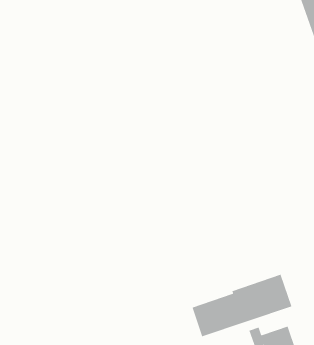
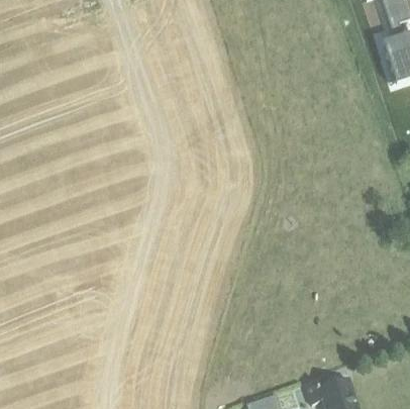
building: [192,274,292,337] -> none

